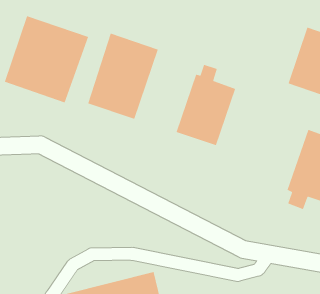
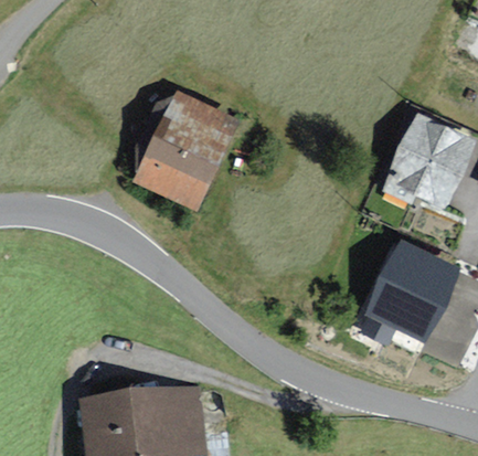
building: [4,15,89,103] -> none
building: [175,64,236,146] -> none

